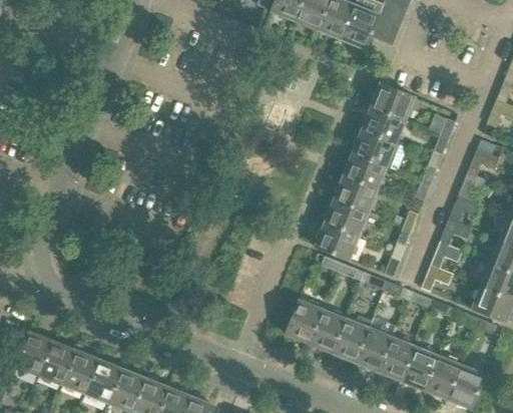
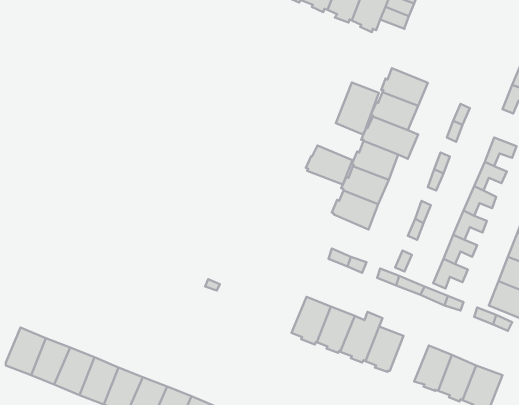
building: none -> [336,83,379,134]
building: [315,223,359,260] -> [306,146,352,185]
building: [379,338,416,381] -> none

